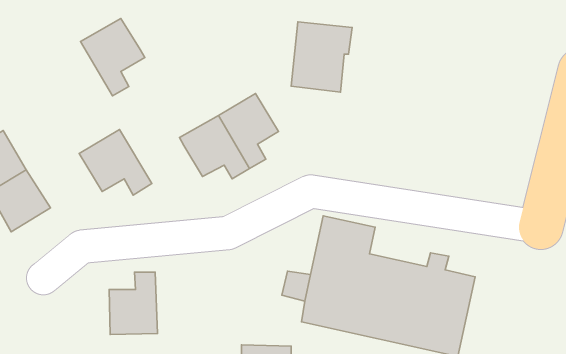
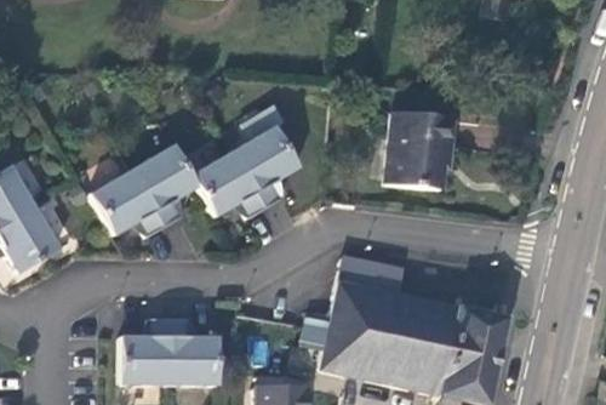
building: [80,18,145,96] -> [131,139,199,221]
building: [291,22,352,92] -> [391,116,456,190]
building: none -> [168,313,219,378]

